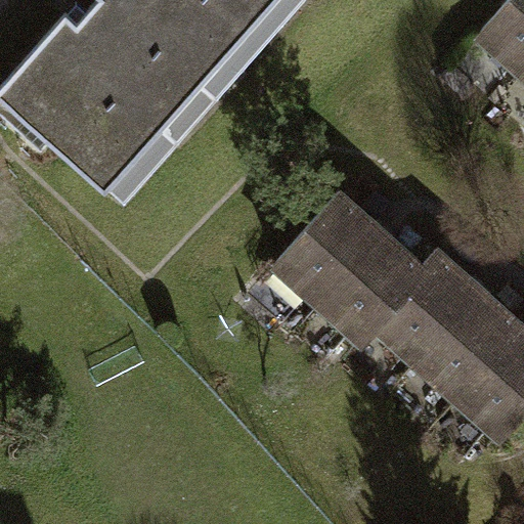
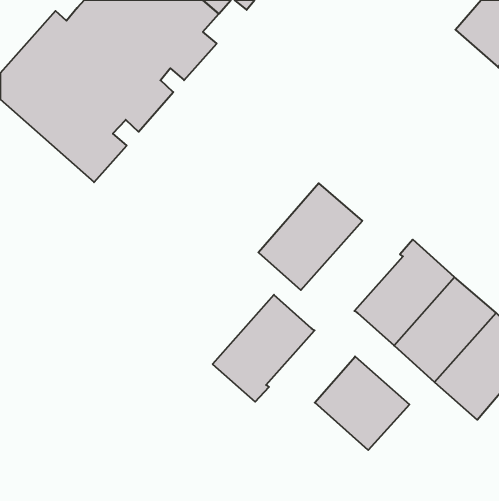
building: [318,233,424,344] -> [213,295,315,402]
building: none -> [315,356,409,450]

